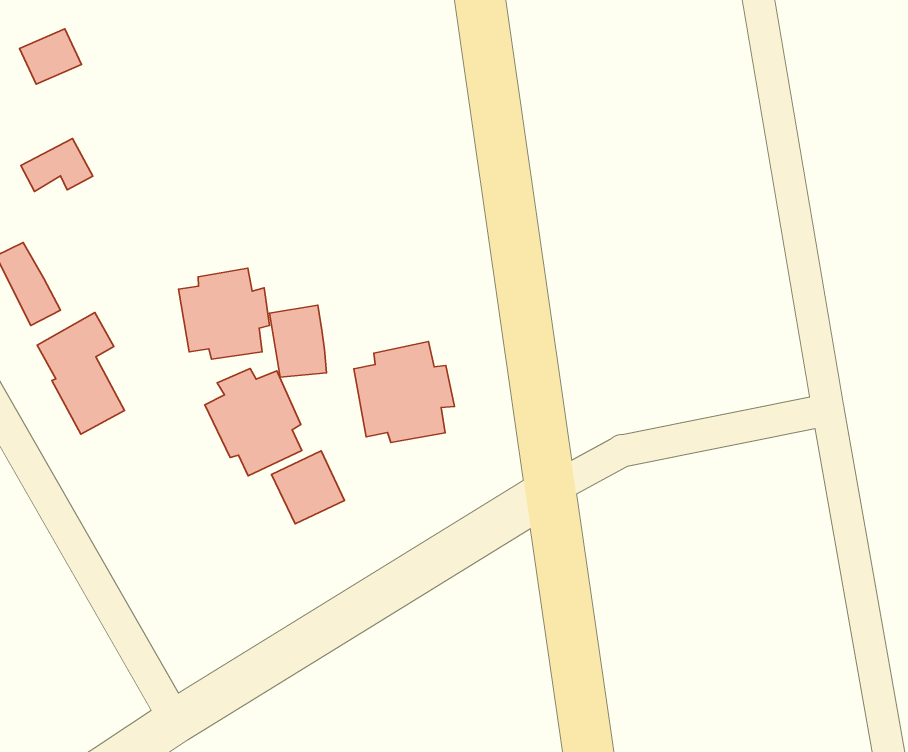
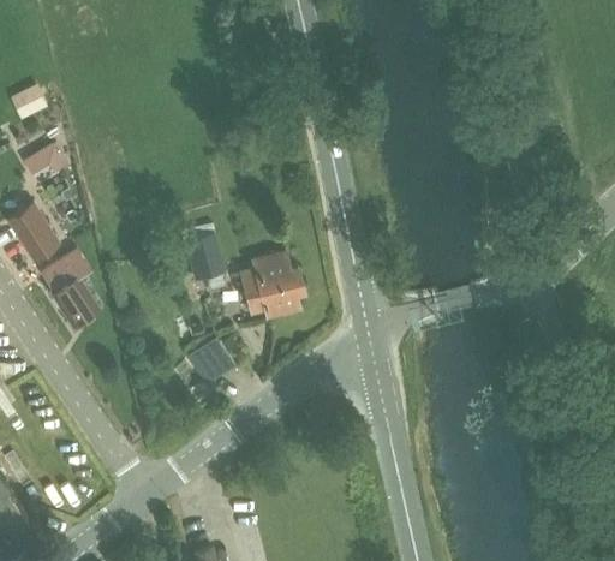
building: [179,268,270,359] -> none
building: [205,368,302,476] -> none

